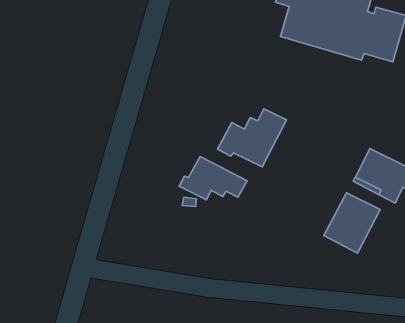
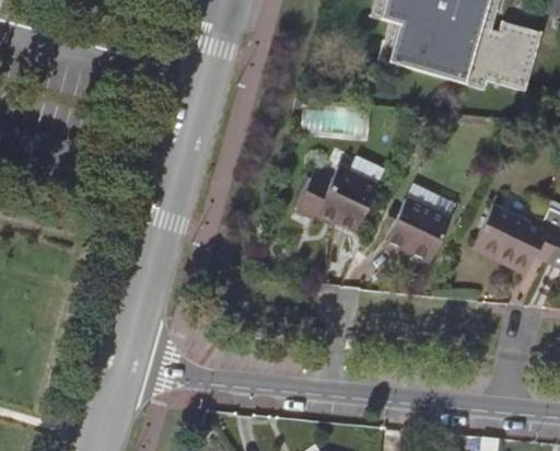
building: [179,156,247,200] -> none
building: [324,193,380,253] -> [387,182,460,261]

